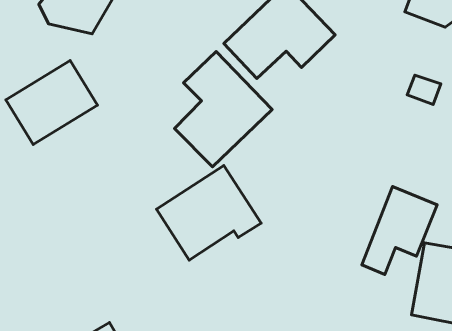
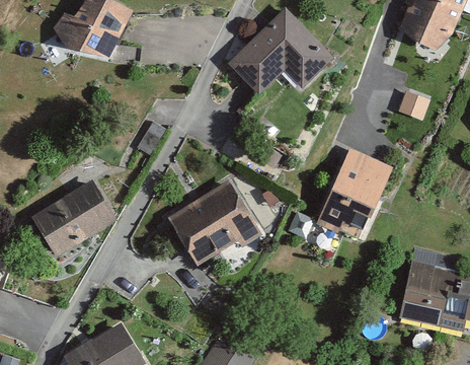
building: [174,52,272,167] -> none
building: [6,61,97,144] -> [31,178,116,257]
building: [362,186,437,275] -> [319,148,389,230]

